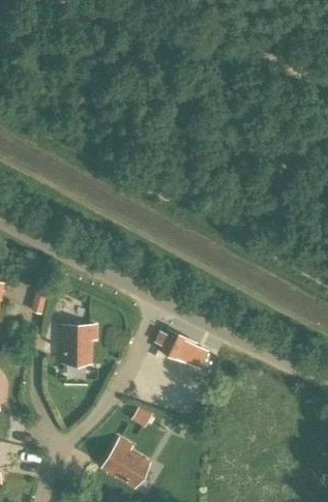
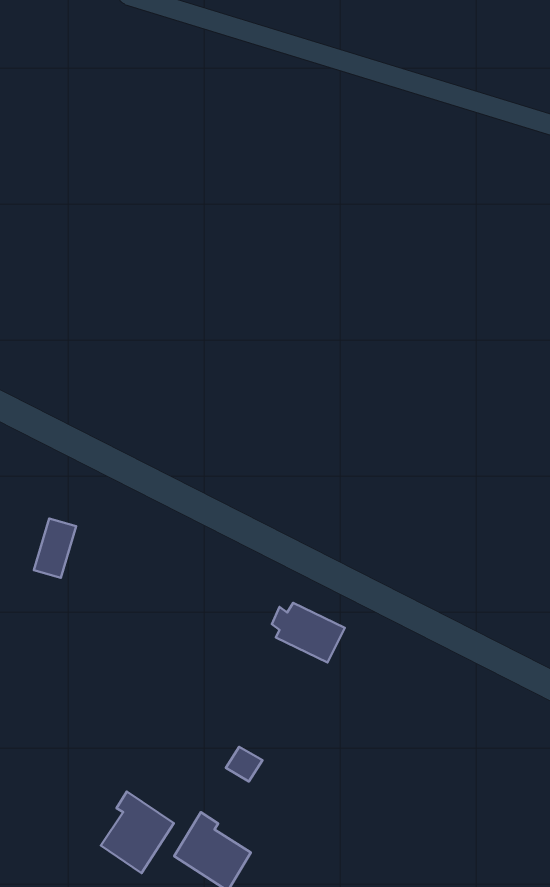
building: [63,325,94,363] -> none
building: none -> [101,792,174,873]

